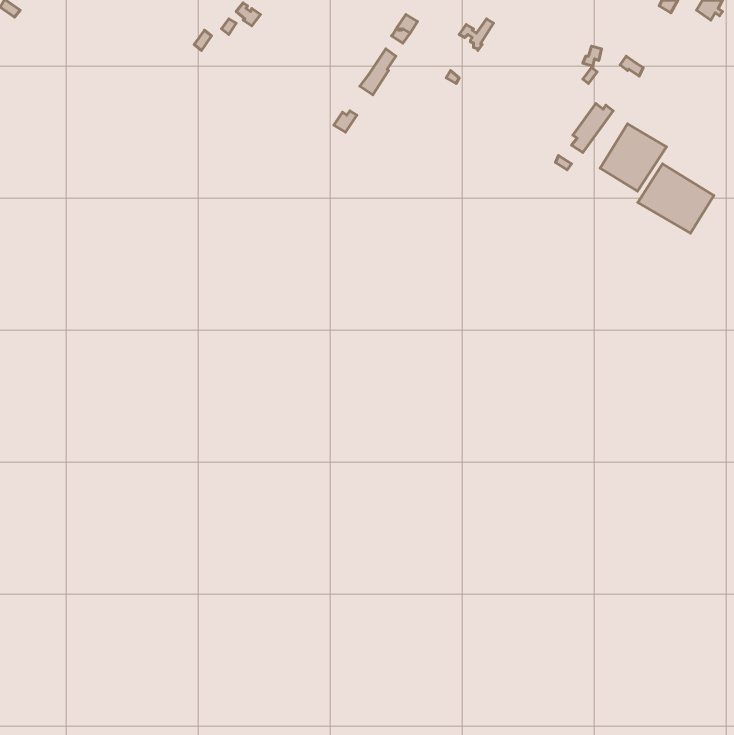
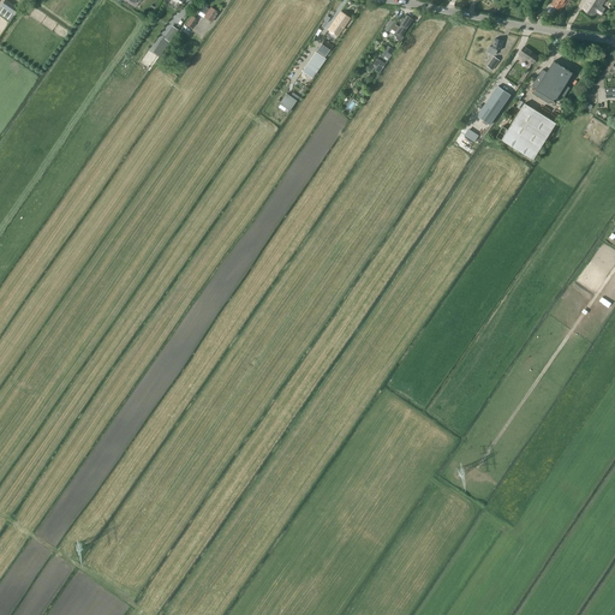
building: none -> [531,61,572,107]
building: [638,164,714,233] -> none

